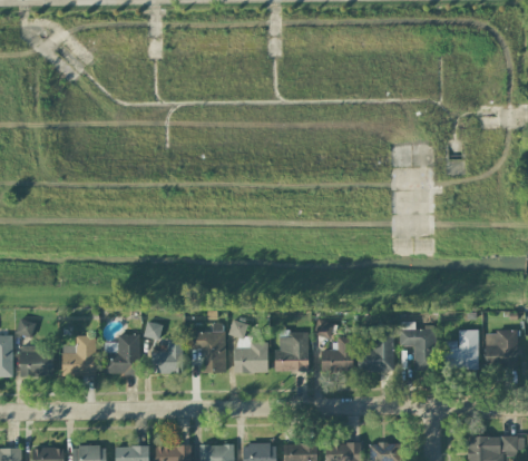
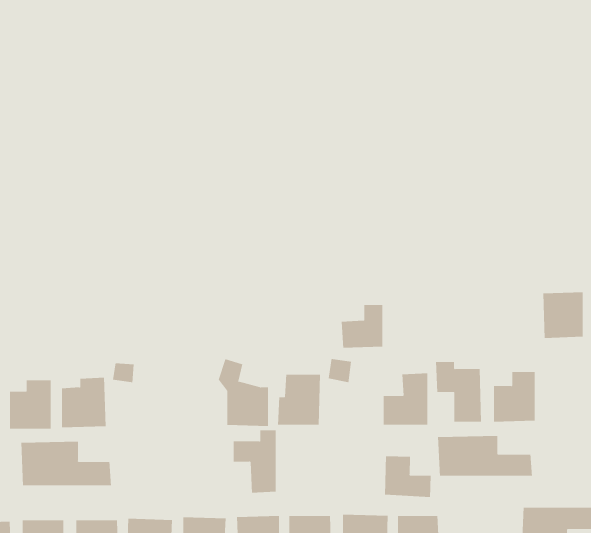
building: [190,323,225,373] -> [233,430,277,493]
building: [485,331,517,367] -> [542,292,583,338]
building: [150,337,184,374] -> none
building: [320,337,353,372] -> [341,304,383,348]
building: none -> [438,435,533,477]
building: none -> [21,441,112,486]
building: none -> [384,456,431,498]

